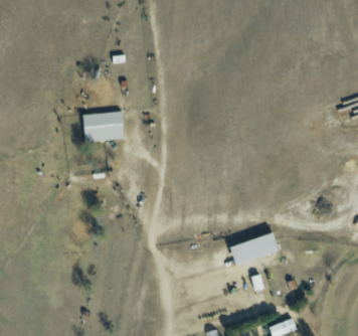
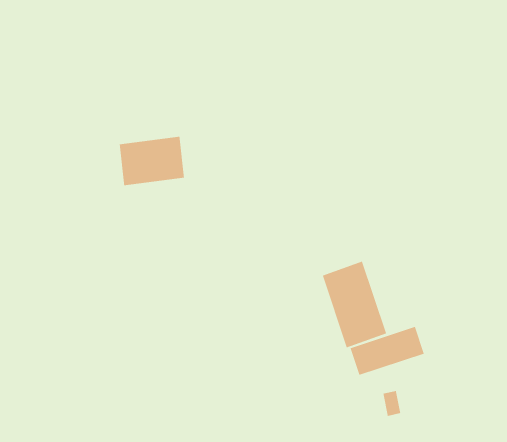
building: none -> [322,261,387,348]

